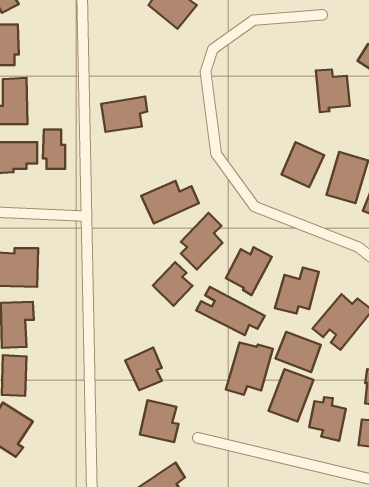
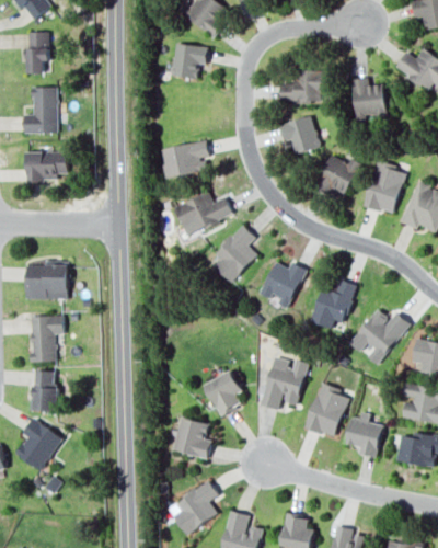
building: none -> [172,44,207,79]
building: none -> [279,70,326,103]
building: [101,96,147,132] -> [161,141,208,178]
building: none -> [279,115,320,155]
building: [43,129,65,169] -> none
building: [153,262,193,306] -> none
building: [196,287,265,335] -> none
building: [276,332,321,372] -> none
building: [125,347,162,390] -> [204,372,241,415]

